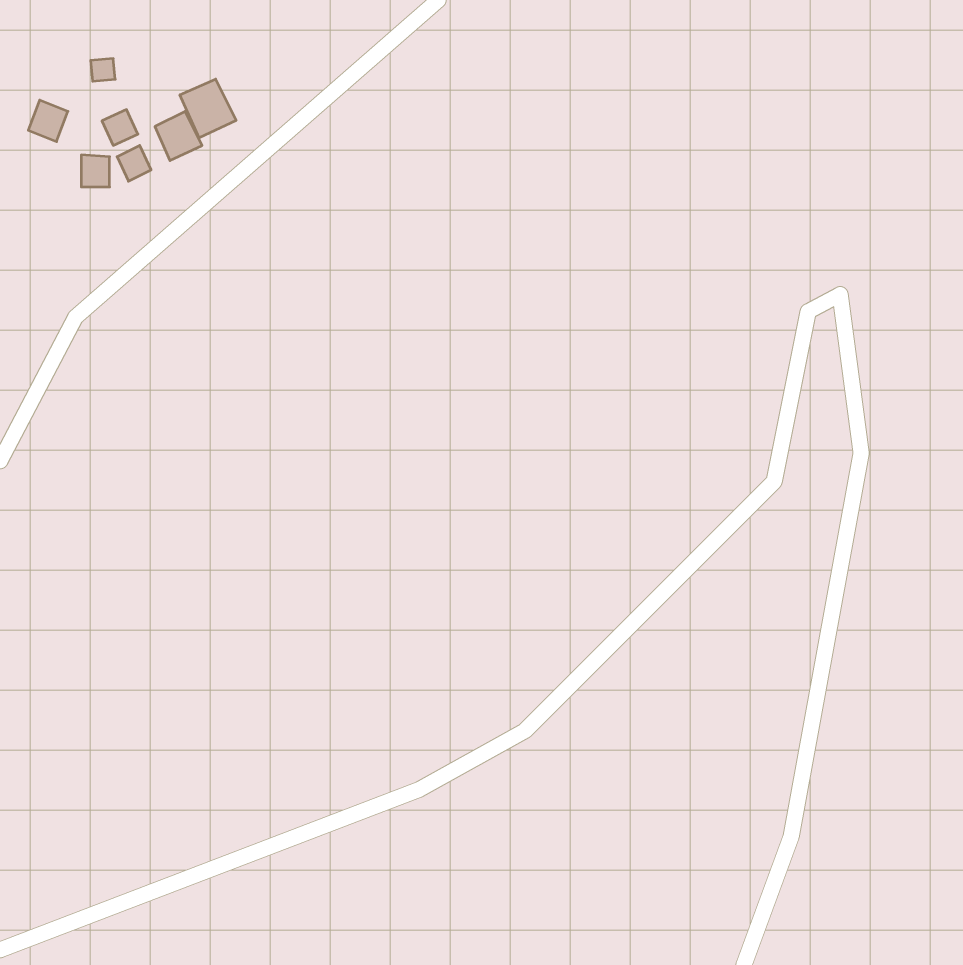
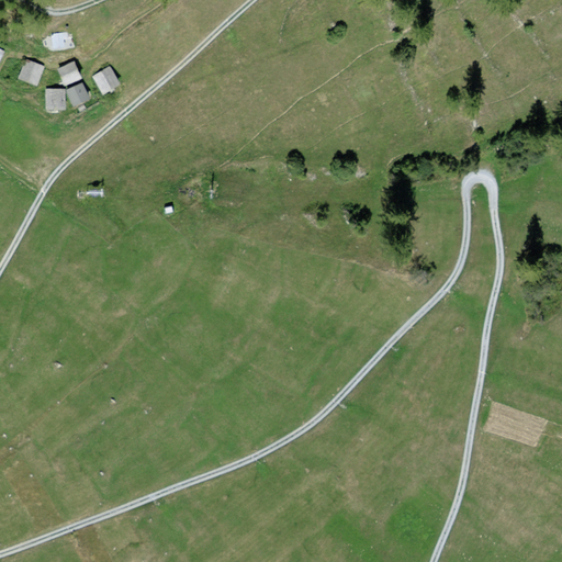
building: [180,79,236,138] -> none

